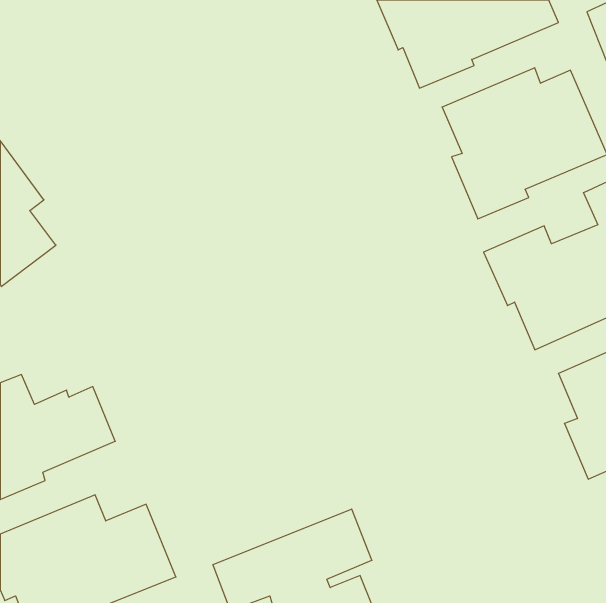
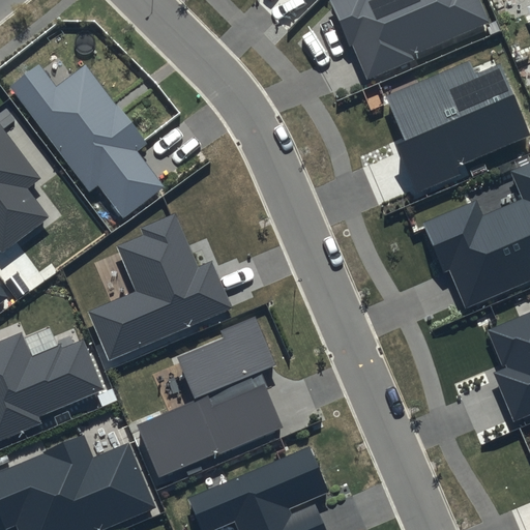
building: none -> [6,62,160,212]
building: none -> [86,212,232,360]
building: none -> [136,315,284,479]

